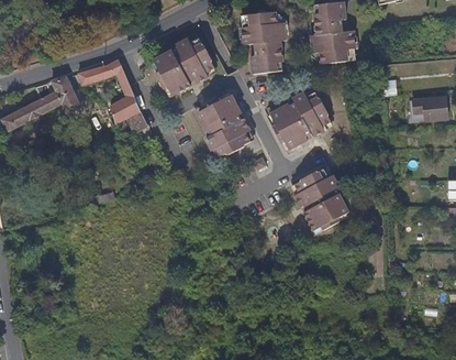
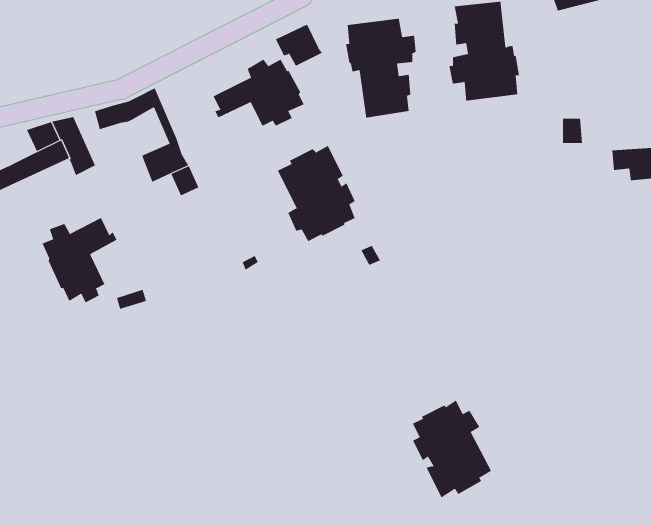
building: [158,67,189,95] -> [275,24,323,66]
building: [269,95,329,151] -> none
building: none -> [42,217,117,303]
building: [290,171,342,234] -> [412,400,492,498]

